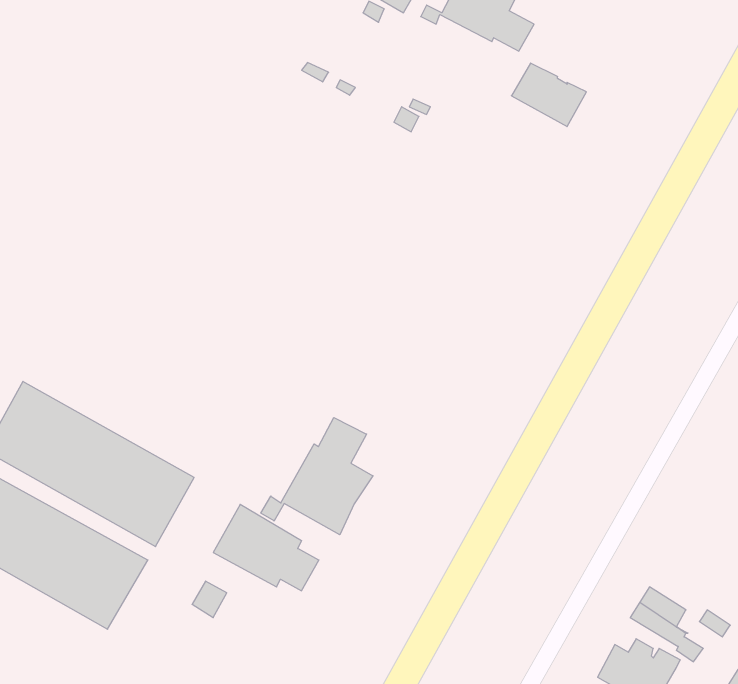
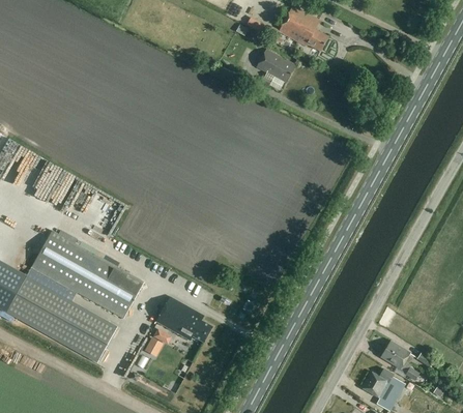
building: [511,63,586,127] -> [255,49,295,83]
building: [261,418,373,535] -> none

